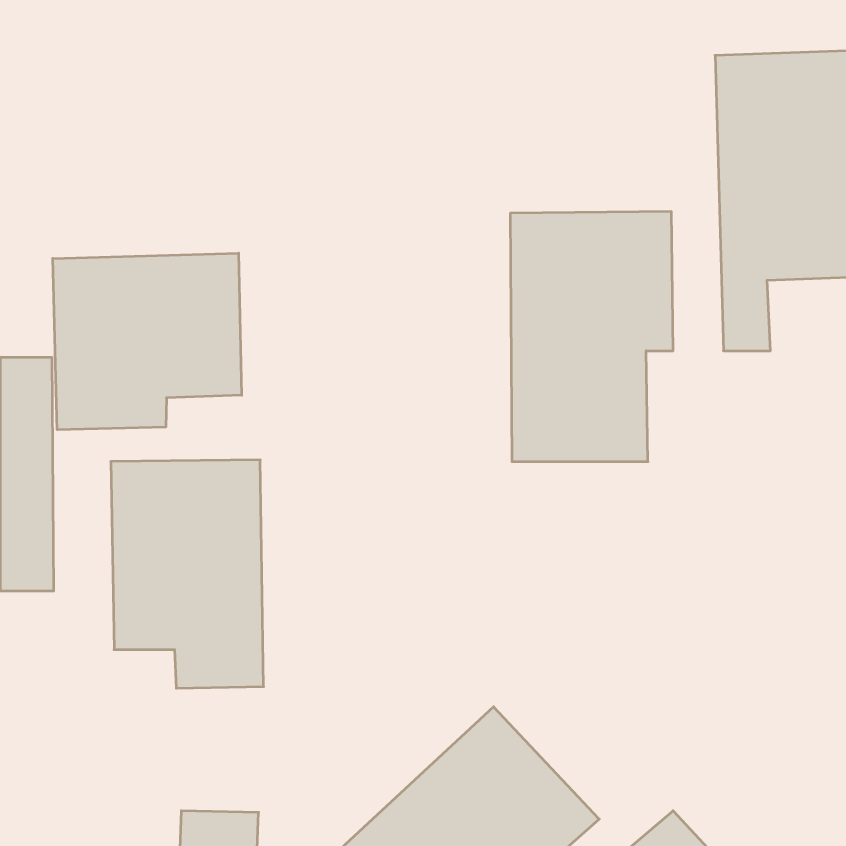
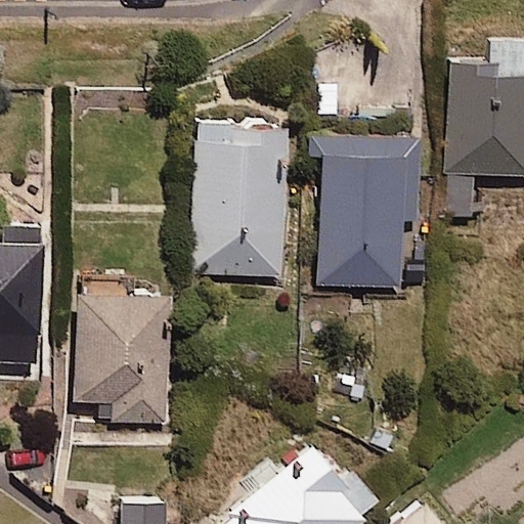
building: none -> [193,122,285,280]
building: [53,253,242,430] -> none

